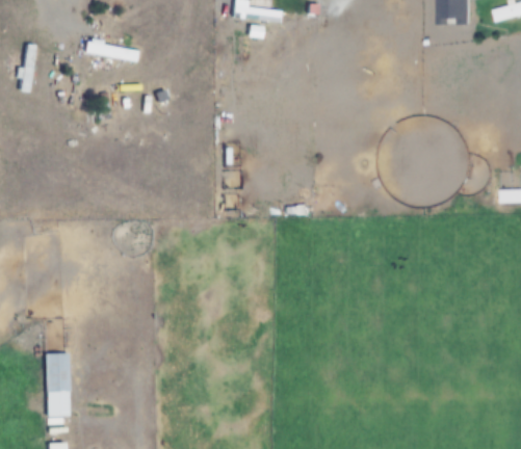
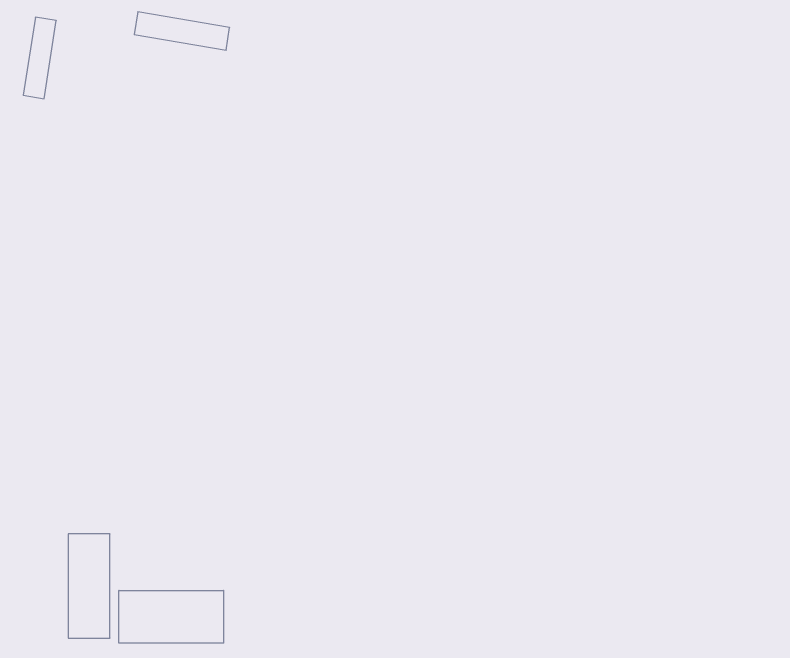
building: none -> [119,590,224,643]

